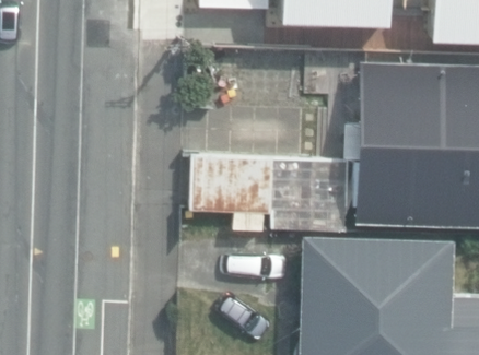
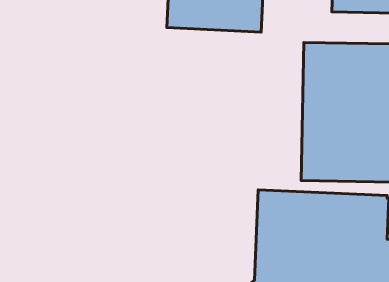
building: [196,153,347,229] -> none

